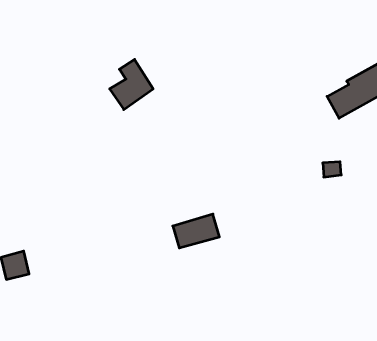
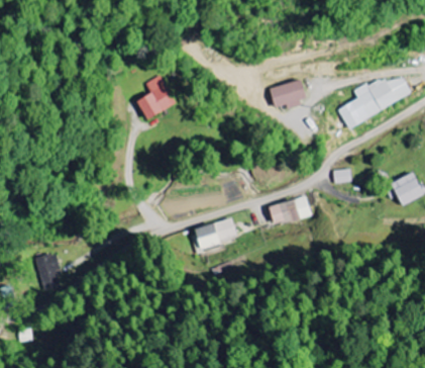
building: none -> [269,79,307,108]
building: none -> [269,196,311,226]

